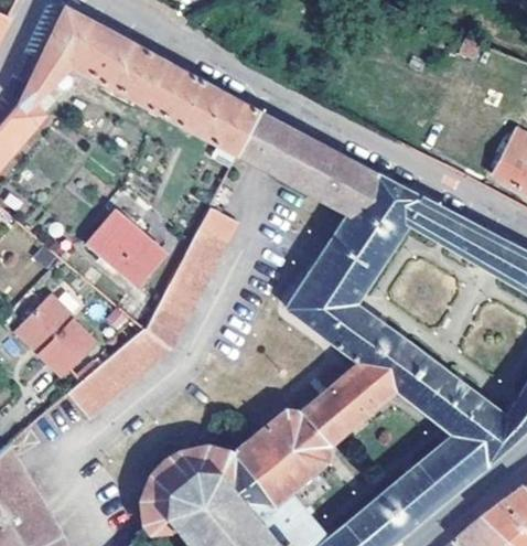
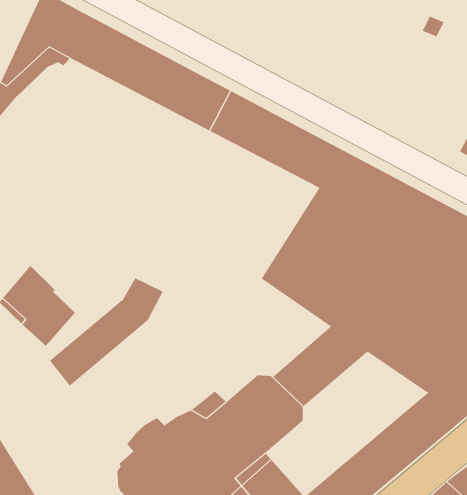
building: [159,207,238,320] -> none
building: [88,212,164,286] -> none

